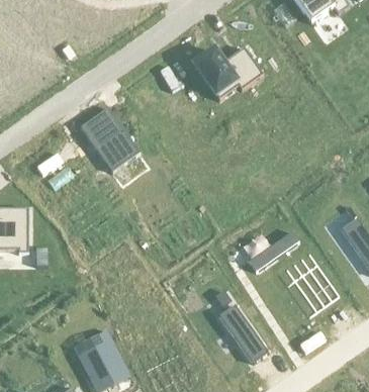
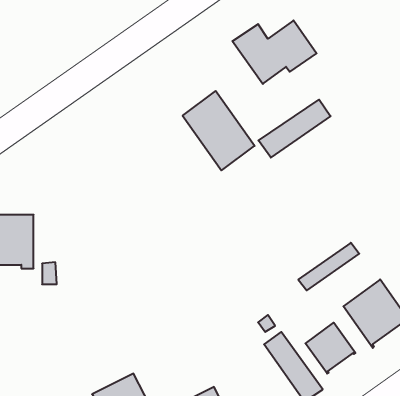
building: [80,107,140,173] -> [183,91,255,170]
building: none -> [258,100,331,158]
building: none -> [305,323,355,374]

